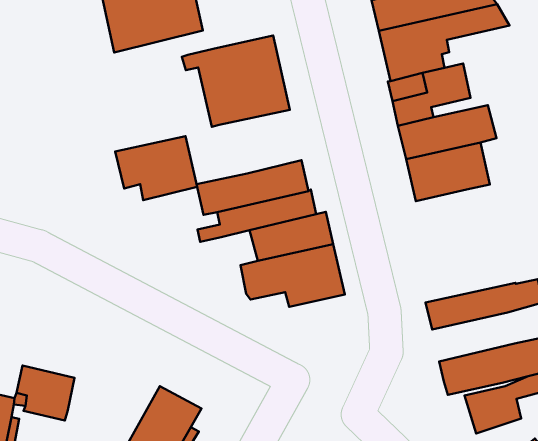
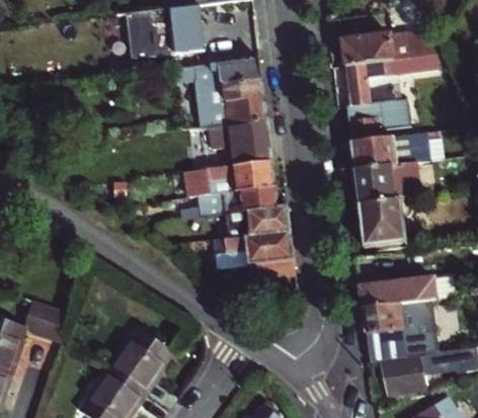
building: [115,136,197,200] -> [208,119,270,167]
building: none -> [358,198,405,247]
building: none -> [361,301,425,334]

